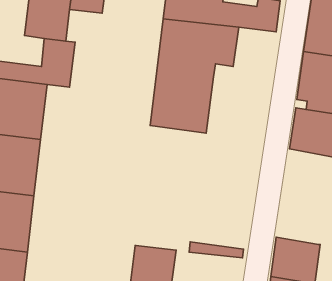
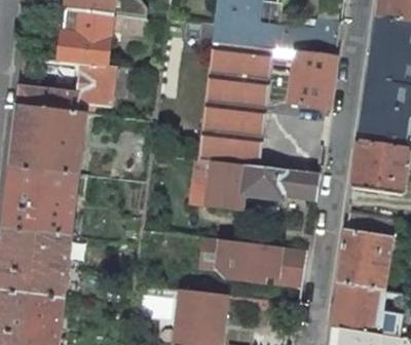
building: none -> [288,51,336,108]
building: none -> [194,159,319,208]
building: none -> [336,209,393,290]
building: none -> [198,238,305,287]

